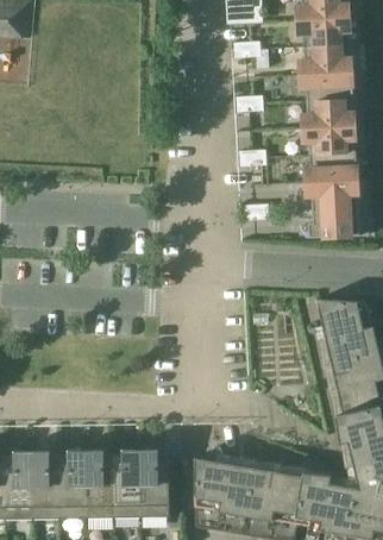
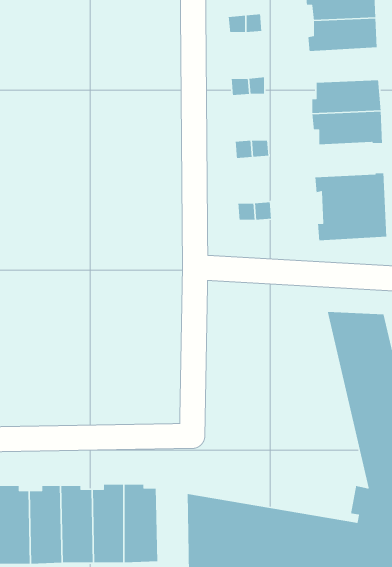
building: [301,70,362,100] -> none
building: [306,152,358,182] -> none

